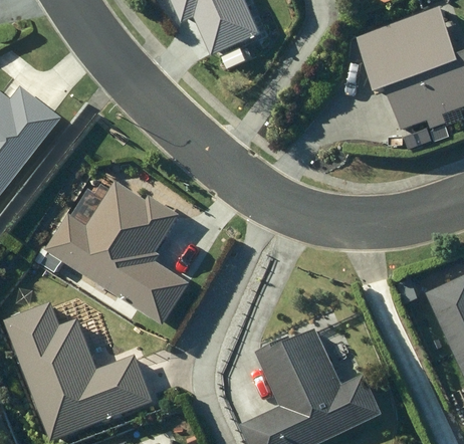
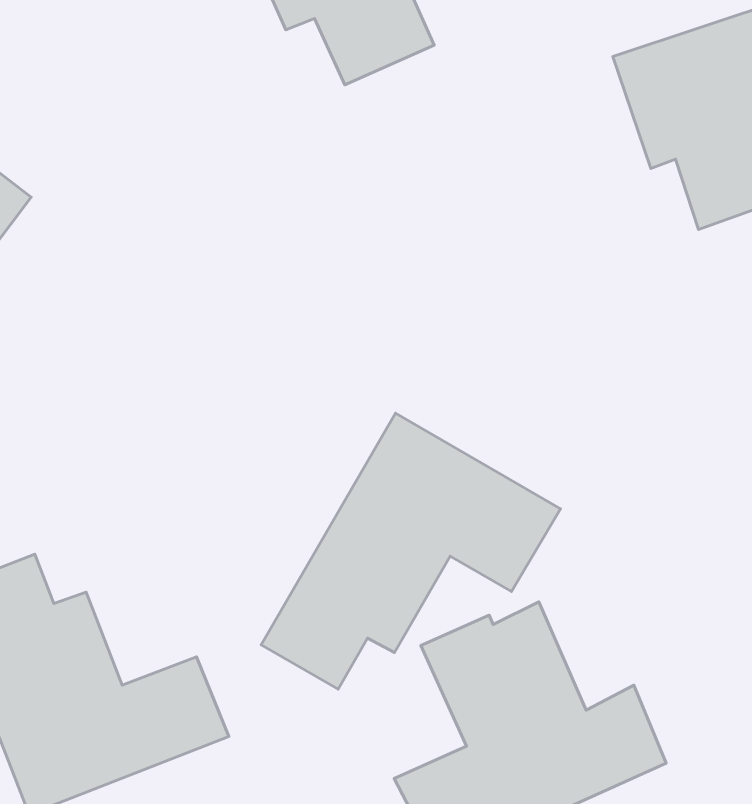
building: [37,183,194,322] -> none
building: none -> [261,413,561,689]

